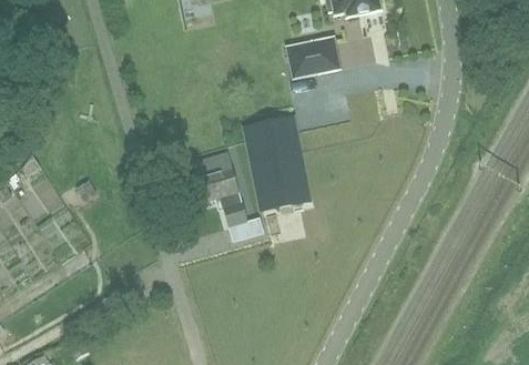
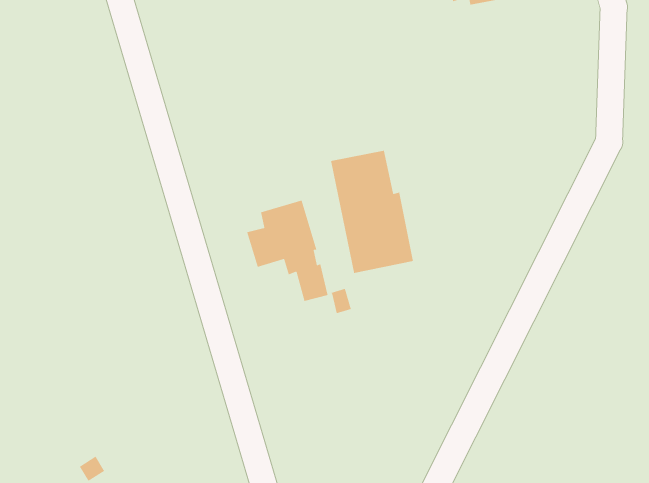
building: [288,38,339,77] -> none

